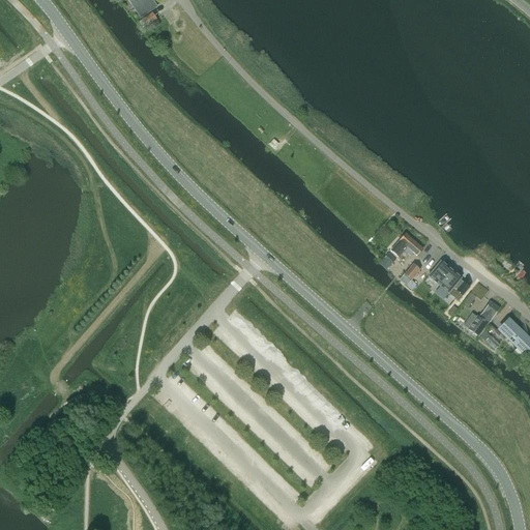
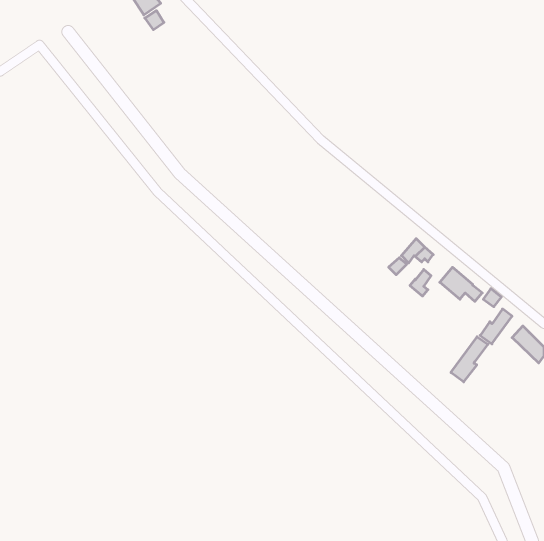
building: none -> [451,337,488,382]

